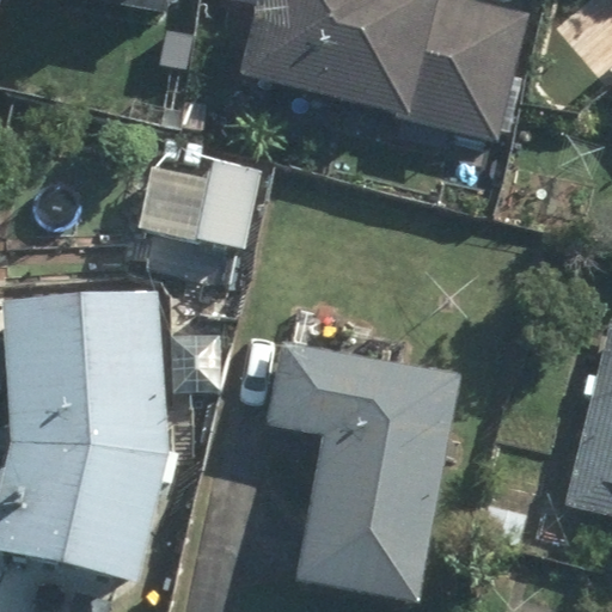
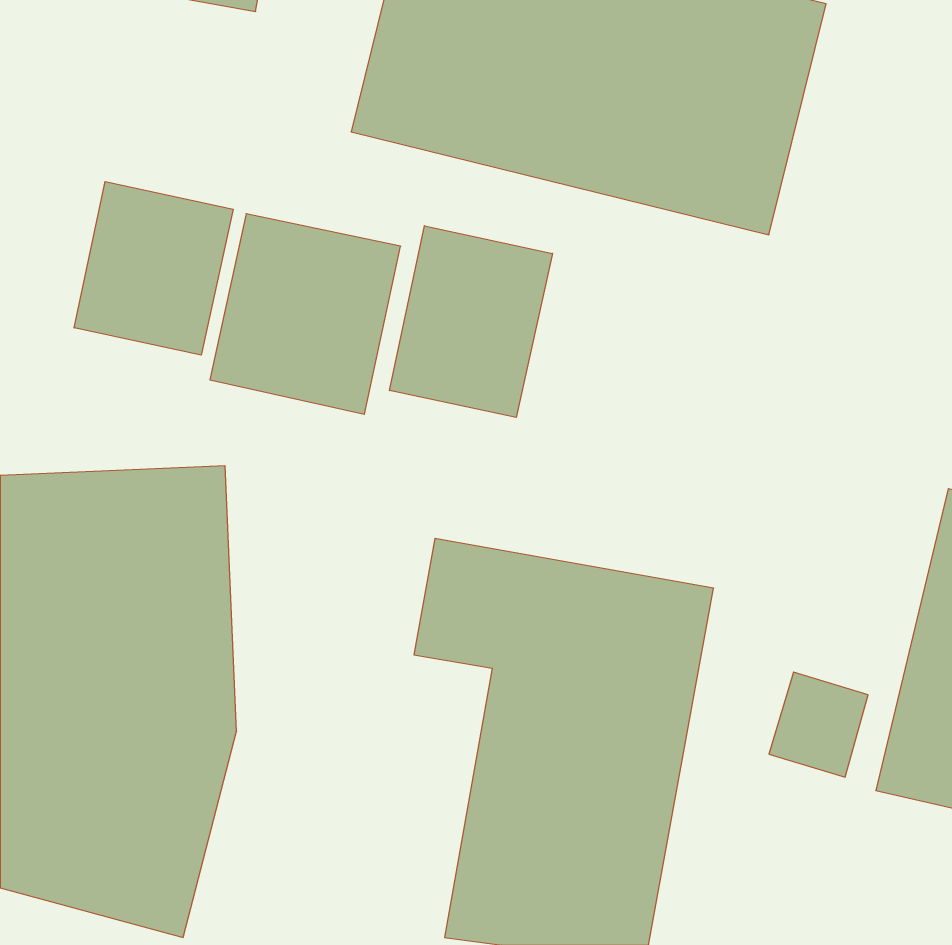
building: none -> [74,182,233,355]
building: none -> [390,226,552,417]

